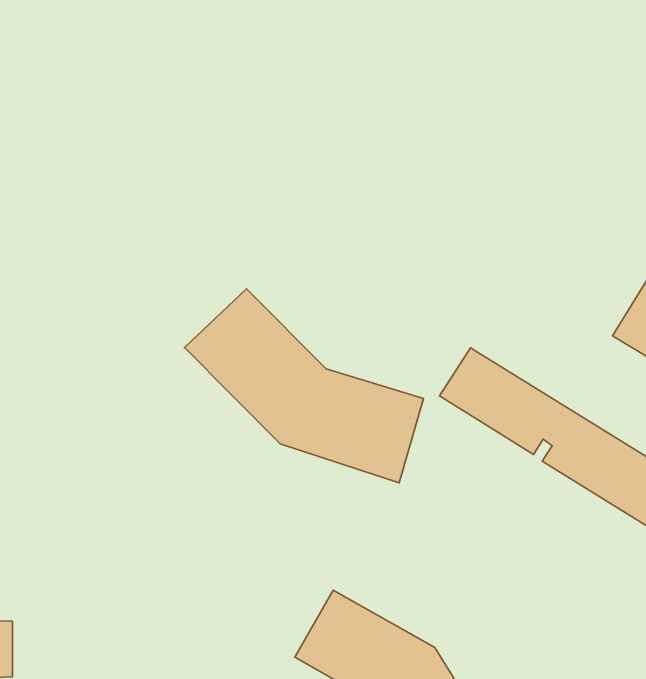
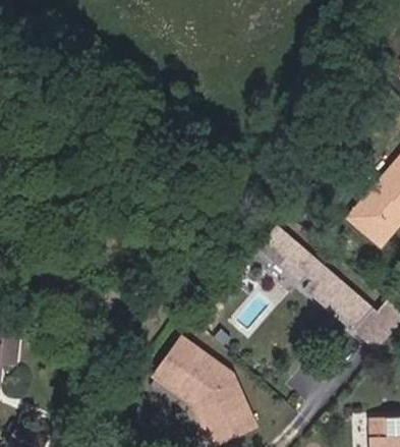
building: [185,289,423,483] -> none

